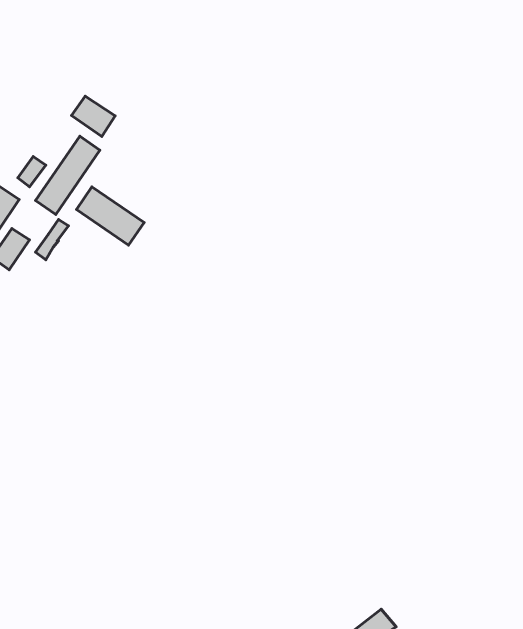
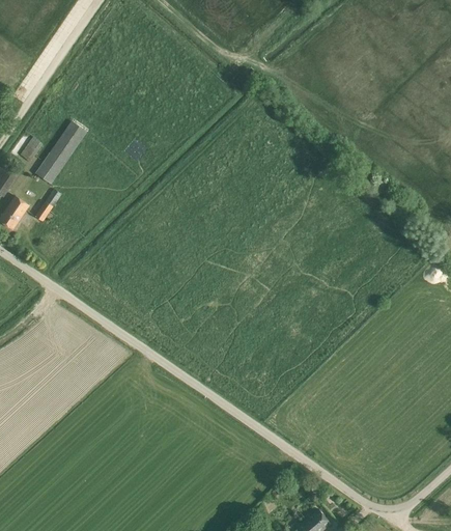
building: [71,96,115,137] -> none
building: [76,187,144,245] -> none

